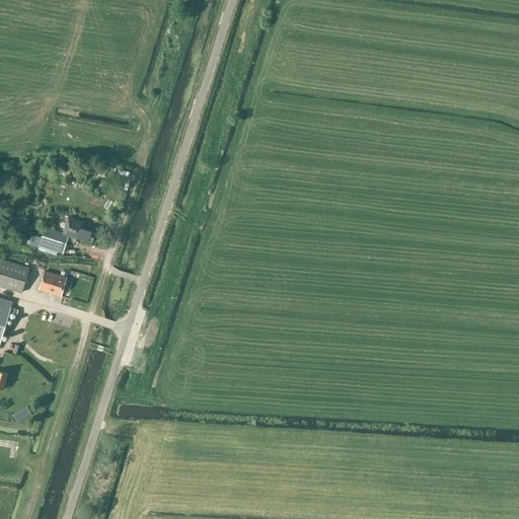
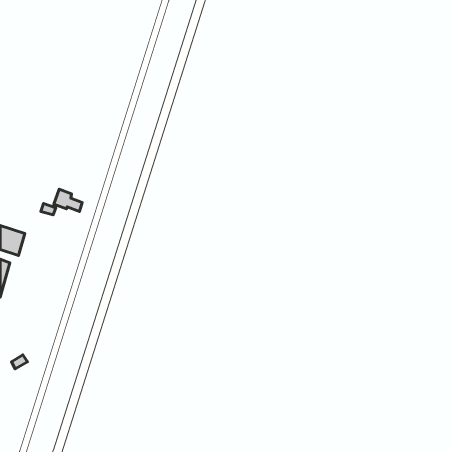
building: [39,272,66,296] -> none

